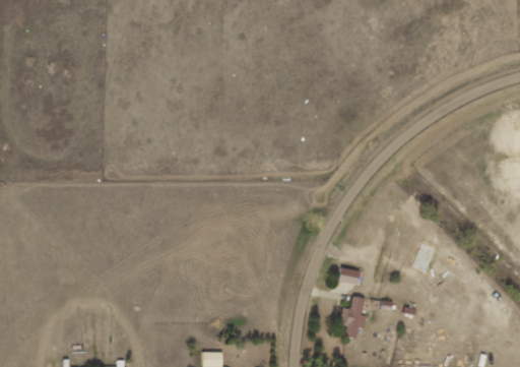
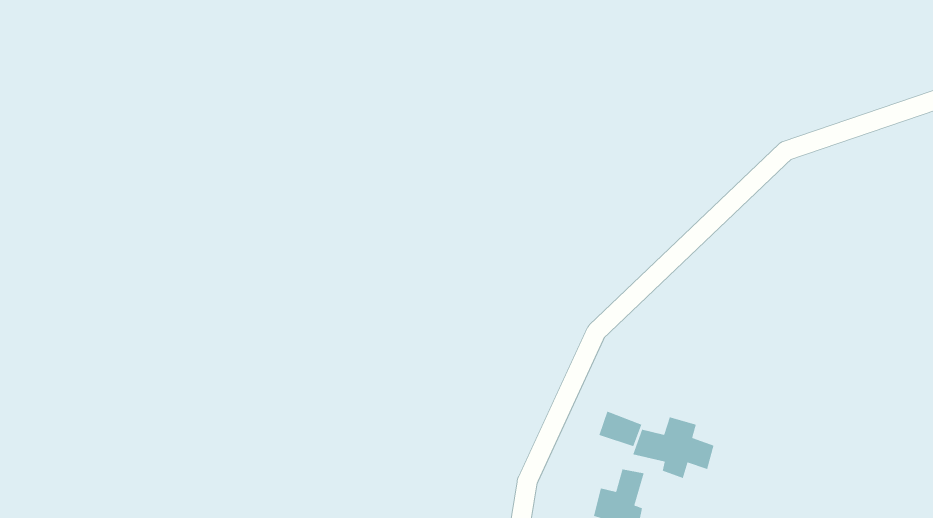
building: none -> [632,416,714,479]

